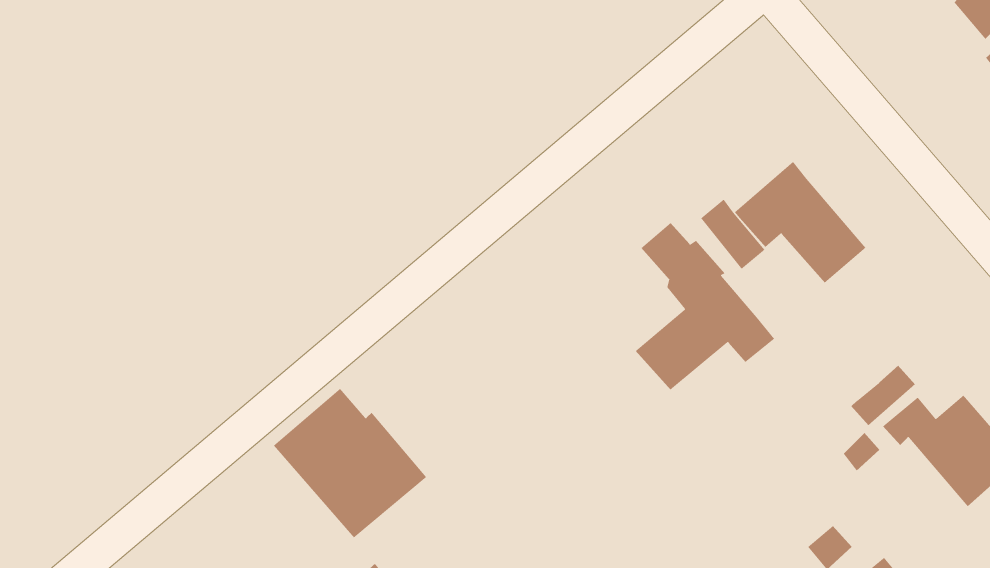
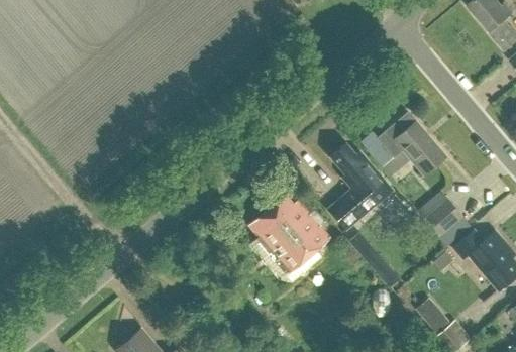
building: none -> [426,199,463,235]
building: [273,388,427,538] -> [250,196,329,272]

